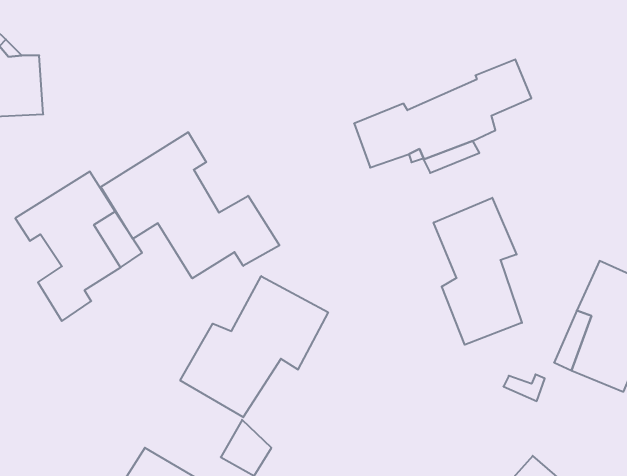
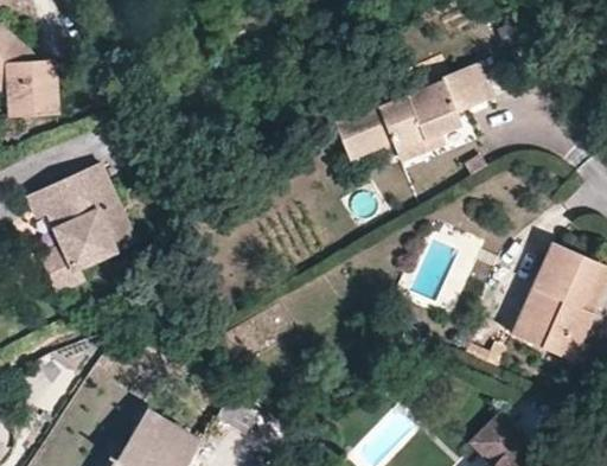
building: [101,132,279,278] -> none
building: [434,198,522,345] -> none
building: [180,276,328,417] -> none

